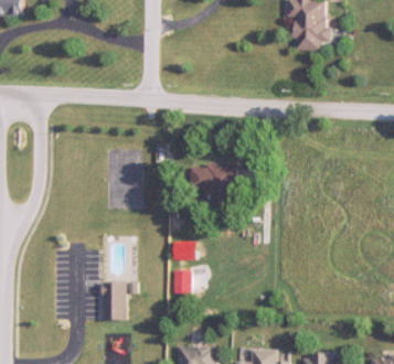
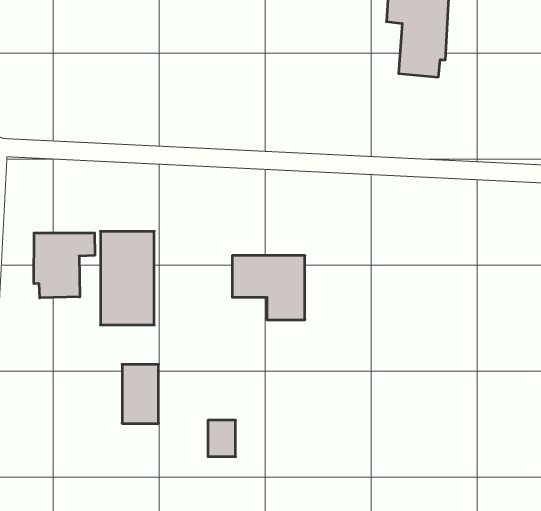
building: none -> [34,233,95,298]
building: [102,281,125,319] -> [122,364,159,423]

